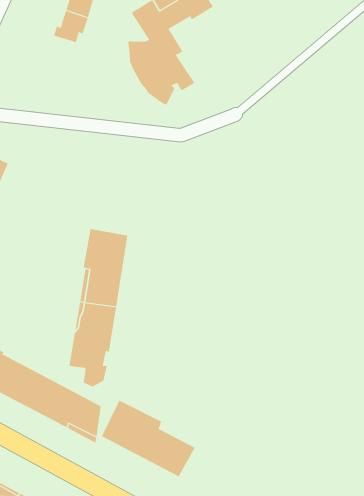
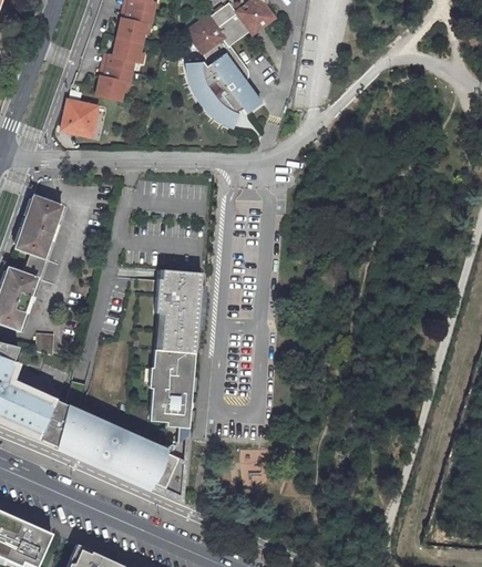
building: none -> [94,63,131,97]
building: none -> [60,97,95,134]
building: [101,400,196,477] -> none

